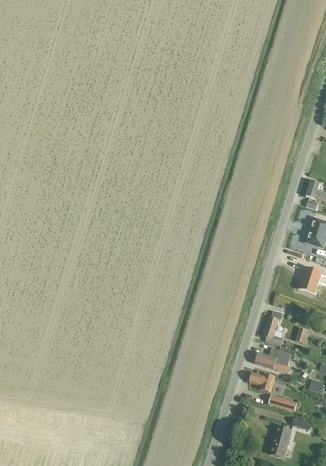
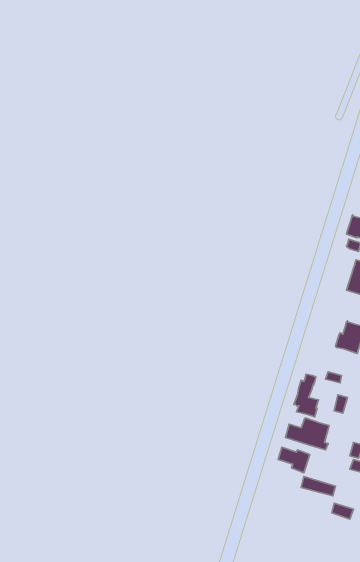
building: [268,425,290,457] -> none

